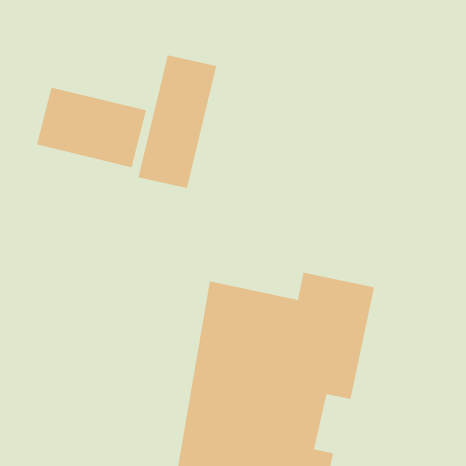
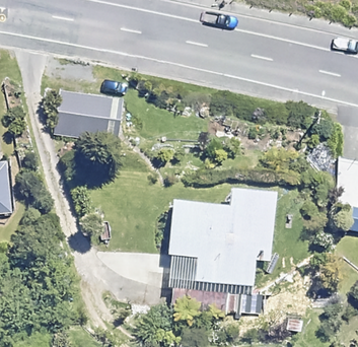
building: [138,55,217,189] -> none

